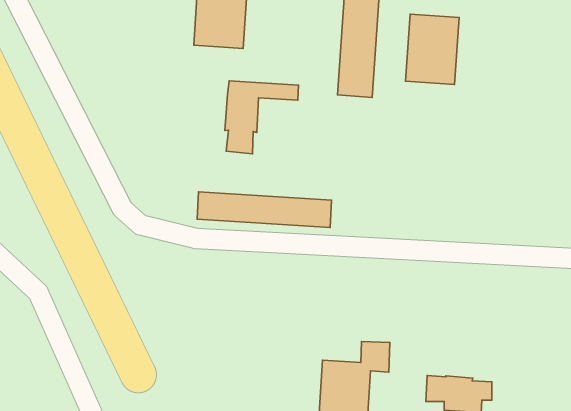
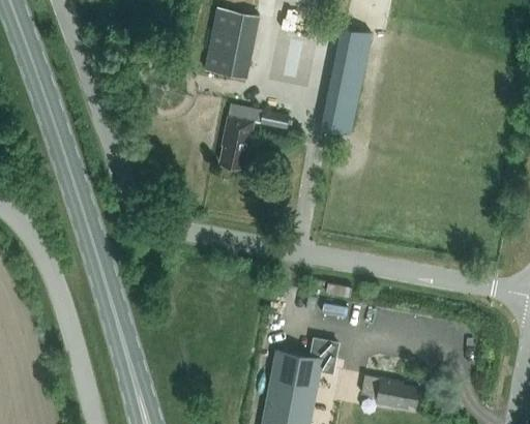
building: [405,14,459,85] -> none
building: [197,192,332,228] -> none

